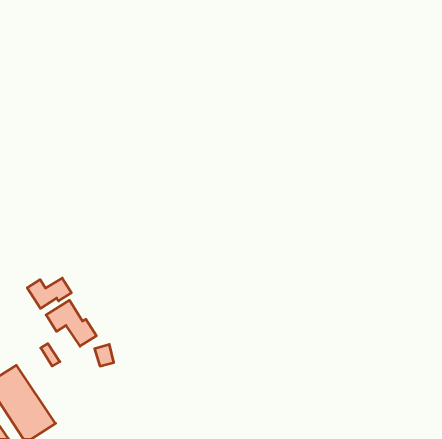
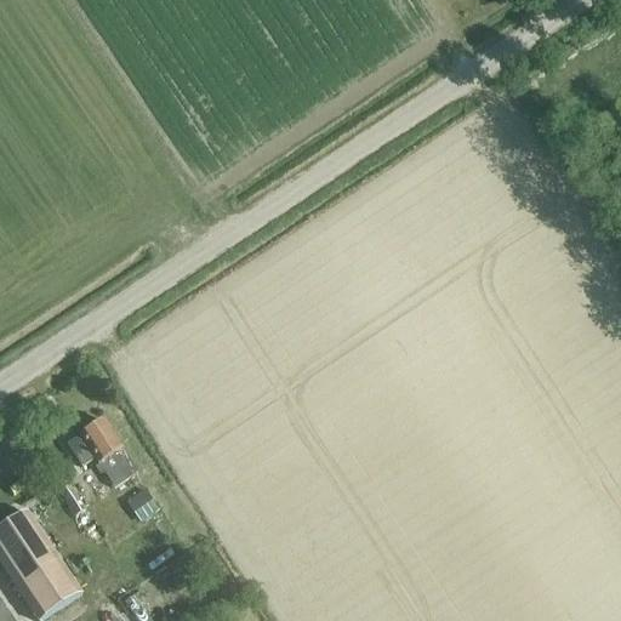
building: [27,278,71,308] -> none

